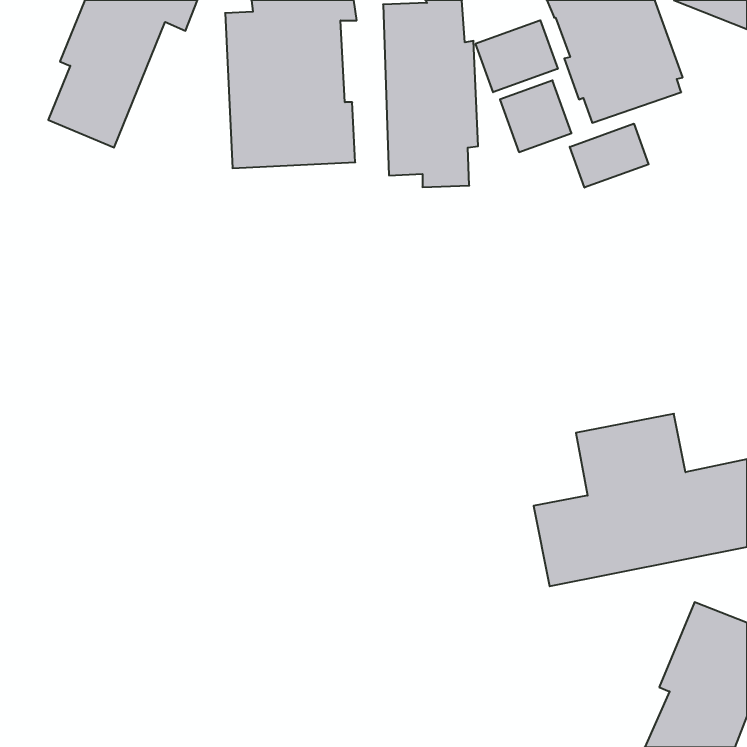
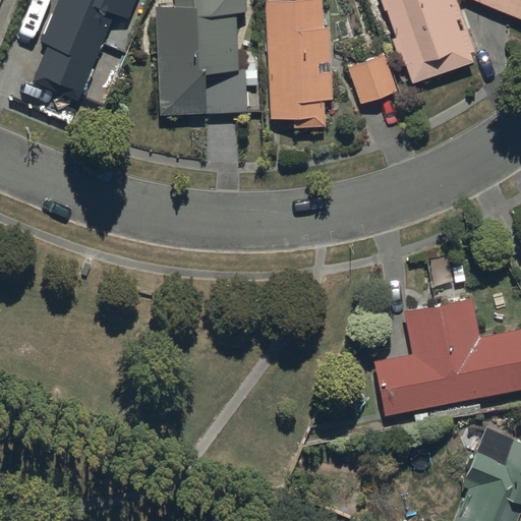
building: [476,20,558,92] -> none
building: [570,124,649,188] -> none

